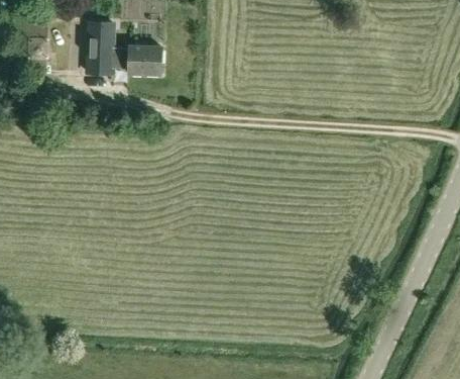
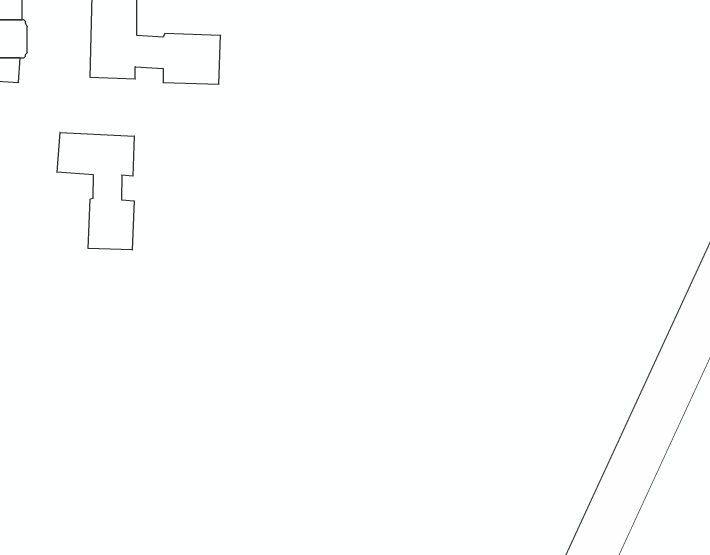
building: none -> [57,132,134,250]

